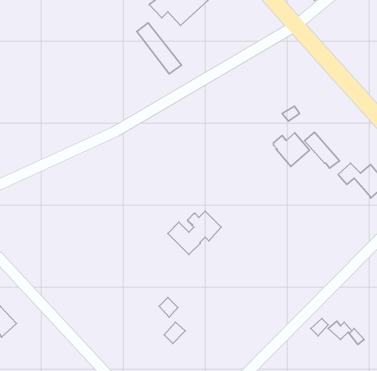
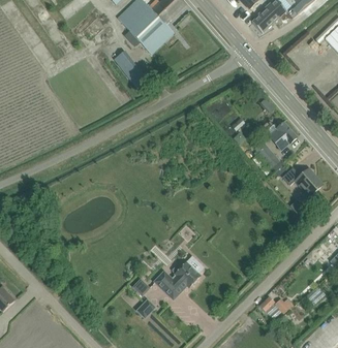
building: [274,133,310,166] -> [267,121,297,149]
building: [168,211,221,255] -> [155,261,199,297]

